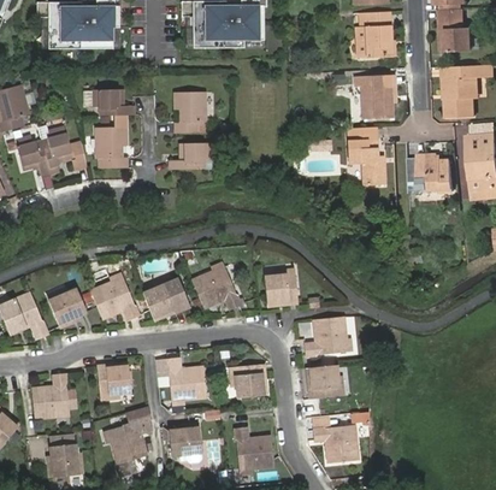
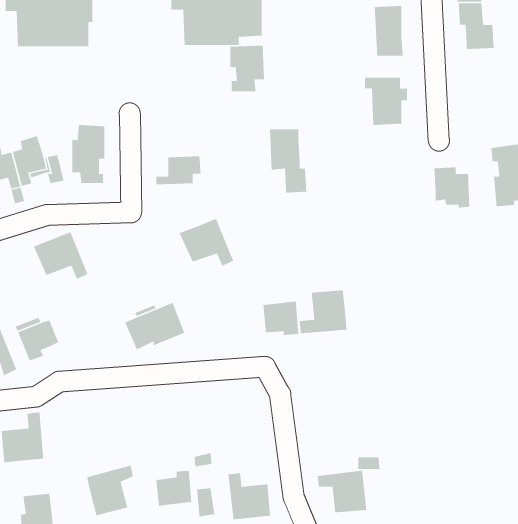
building: [441,65,485,117] -> none
building: [93,91,135,118] -> none
building: [173,93,205,135] -> [229,45,265,92]
building: [349,126,383,184] -> [269,128,307,194]
building: [190,267,240,311] -> [179,218,234,267]
building: [89,278,138,321] -> [33,231,89,280]
building: [303,315,347,355] -> [299,289,348,334]
building: [167,358,207,400] -> none
building: [234,362,265,397] -> none
building: [96,364,130,396] -> none
building: [308,364,339,399] -> none

